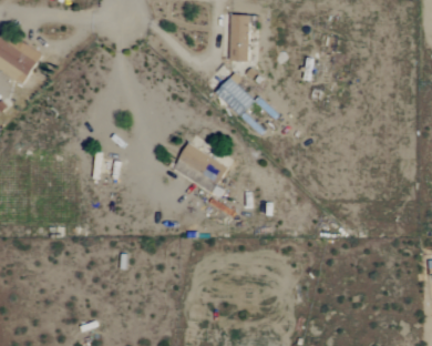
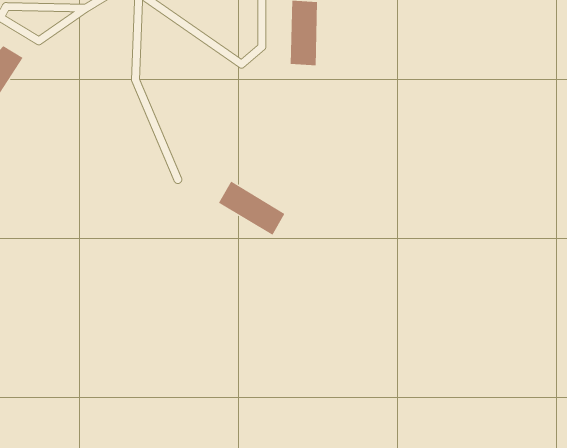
building: [216,74,254,116] -> none

